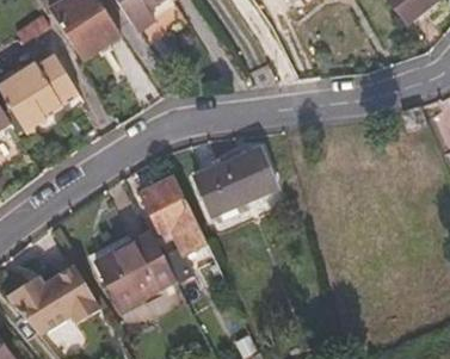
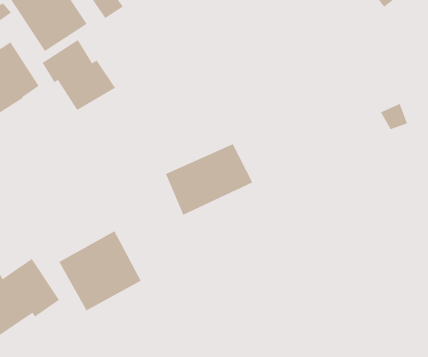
building: none -> [42,39,116,111]
building: [143,180,206,255] -> none

